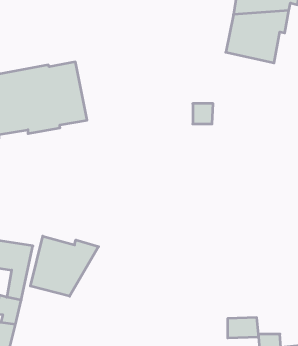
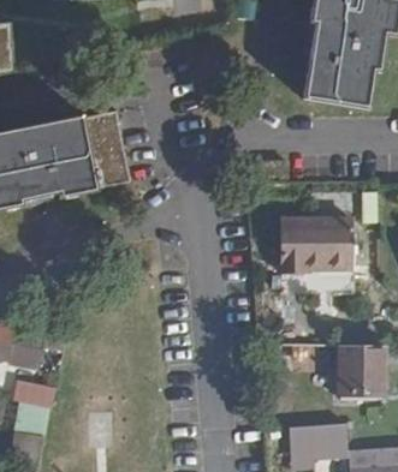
building: none -> [286,222,344,276]
building: [30,236,99,296] -> none
building: none -> [338,347,381,396]

